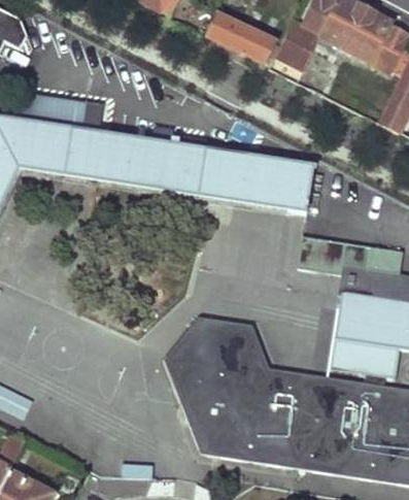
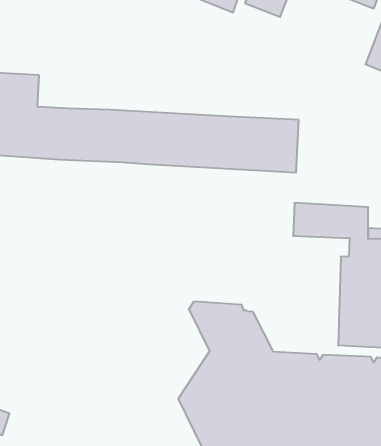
building: [165,314,213,400] -> none

